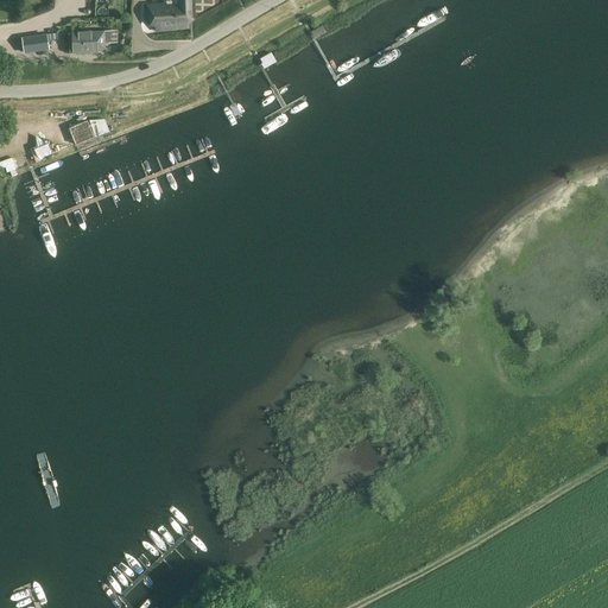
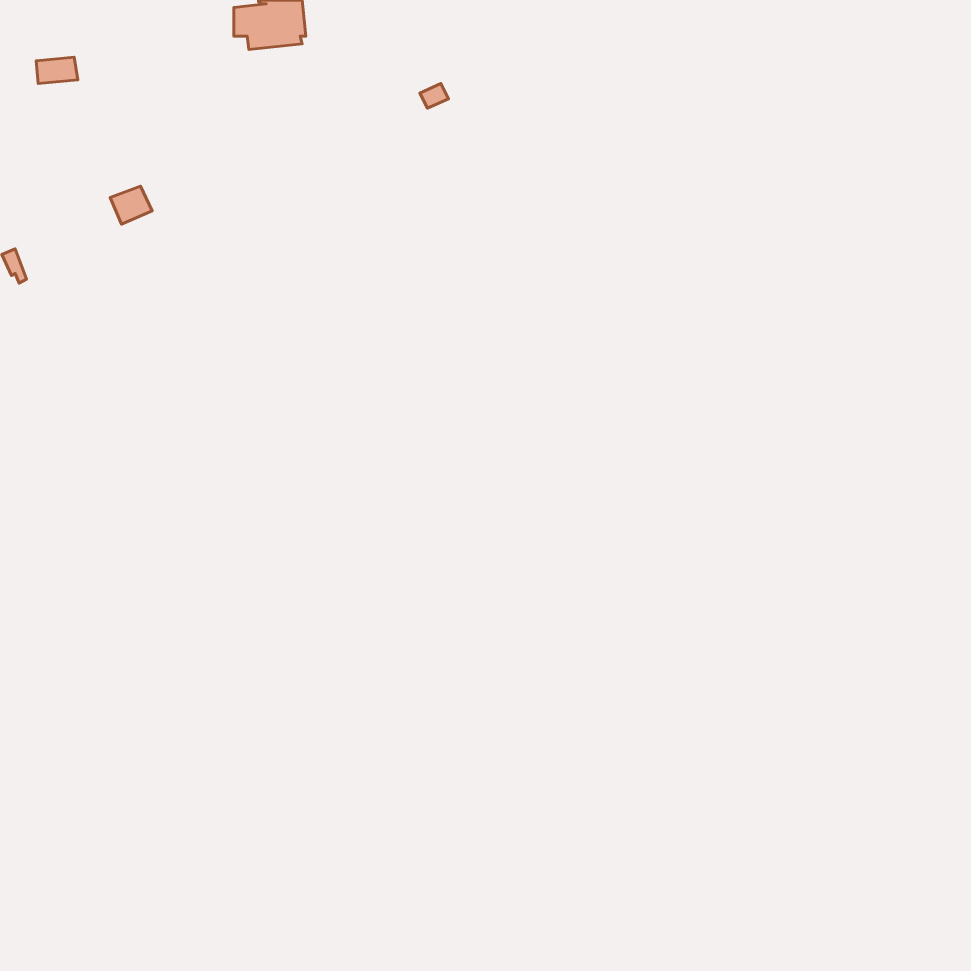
building: [72,31,118,52] -> none

